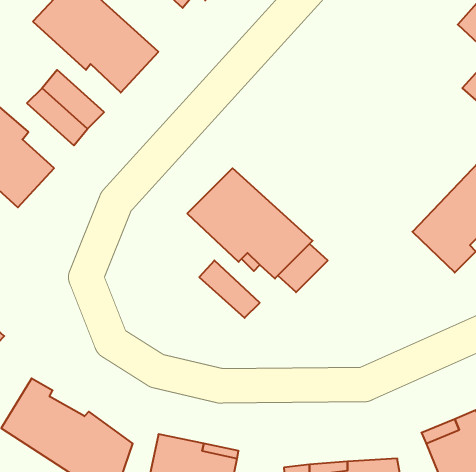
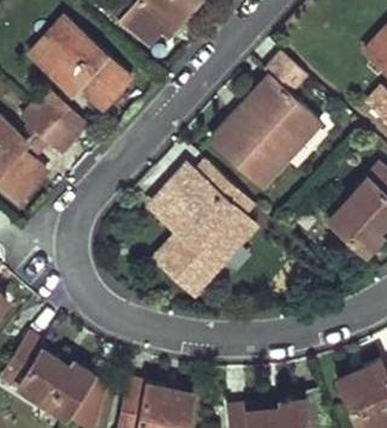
building: none -> [212,54,317,186]

